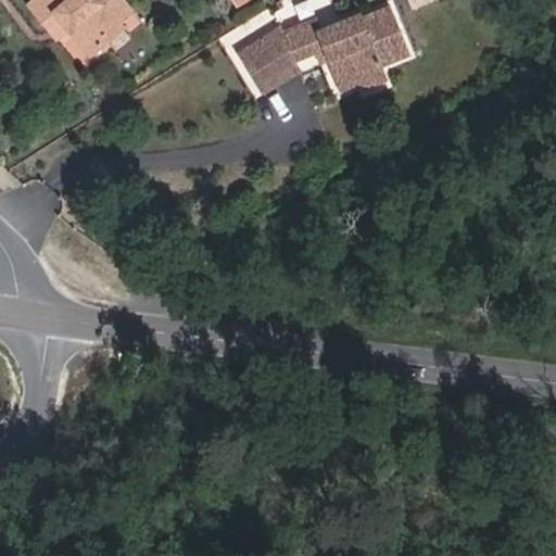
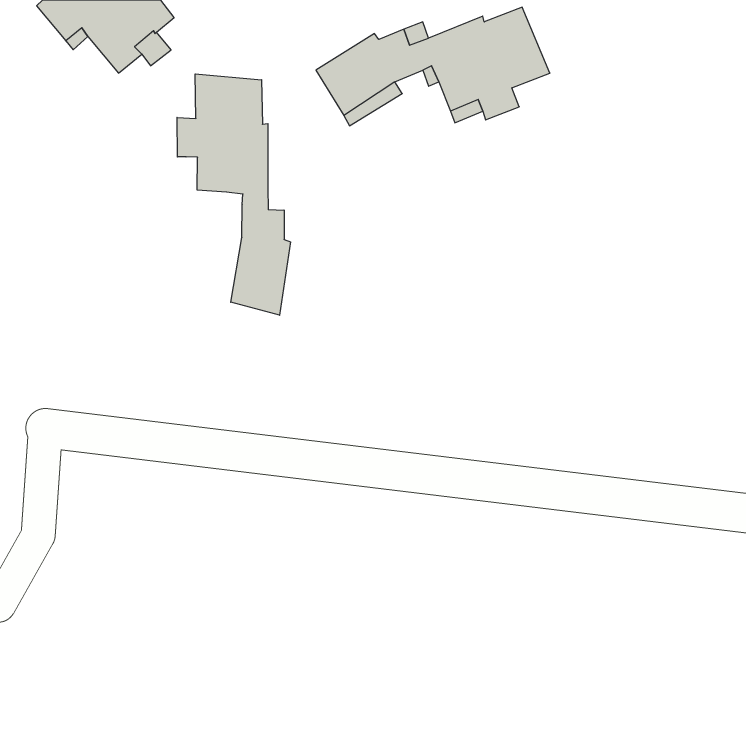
building: none -> [177,74,291,315]

